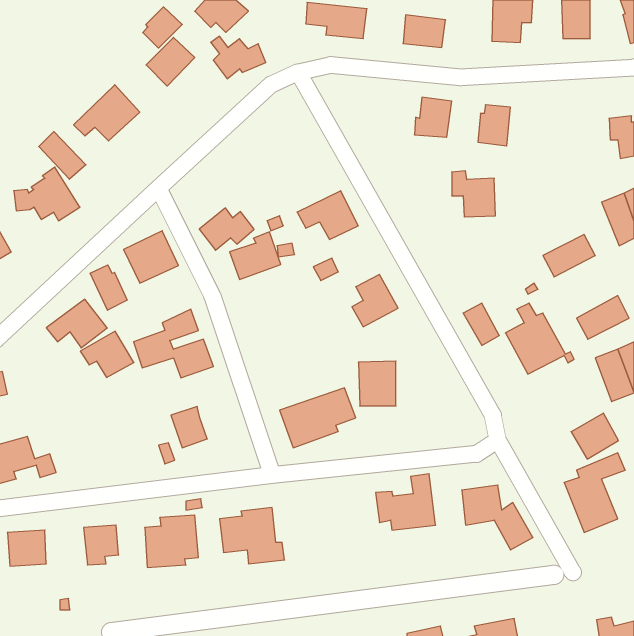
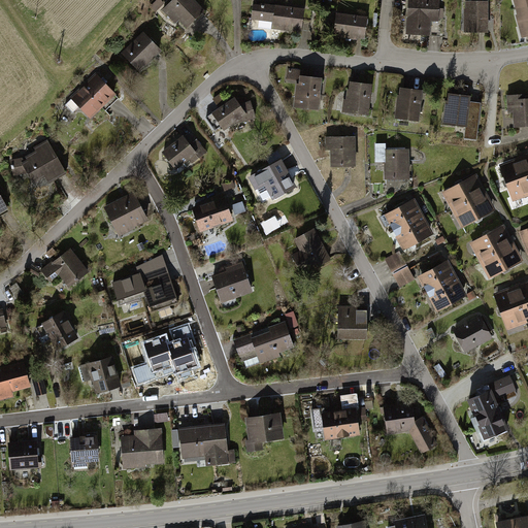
building: [143,7,182,48] -> none
building: [211,36,266,79] -> [209,95,255,130]
building: none -> [284,69,323,110]
building: none -> [441,96,478,143]
building: [39,132,86,179] -> none
building: none -> [325,136,356,167]
building: [199,208,254,250] -> [161,135,206,170]
building: none -> [439,177,483,212]
building: none -> [381,198,432,250]
building: [90,265,127,310] -> none
building: none -> [467,228,510,264]
building: none -> [209,260,252,300]
building: [80,331,134,377] -> [34,311,78,350]
building: [358,361,396,406] -> [336,304,367,341]
building: none -> [165,327,195,372]
building: [571,413,618,459] -> [453,315,492,353]
building: none -> [80,358,120,394]
building: none -> [244,412,283,452]

